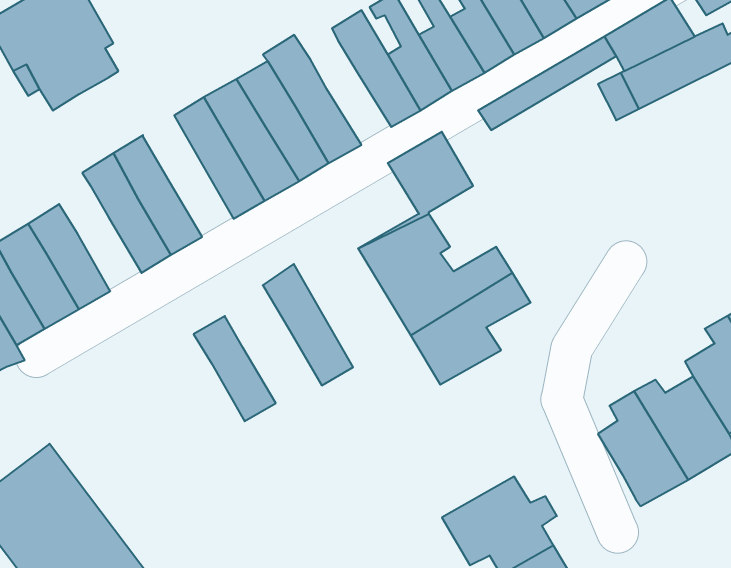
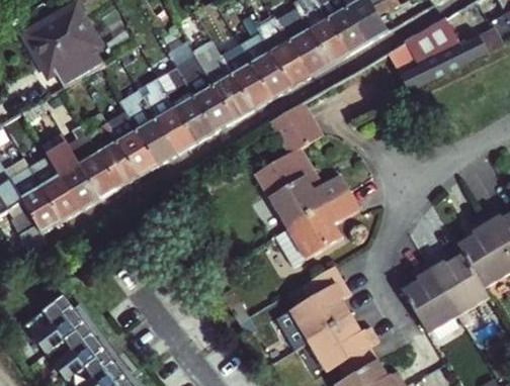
building: none -> [225,45,274,109]
building: [263,264,353,385] -> [121,91,177,166]
building: [194,316,276,421] -> [70,134,120,199]
building: none -> [275,265,350,346]

